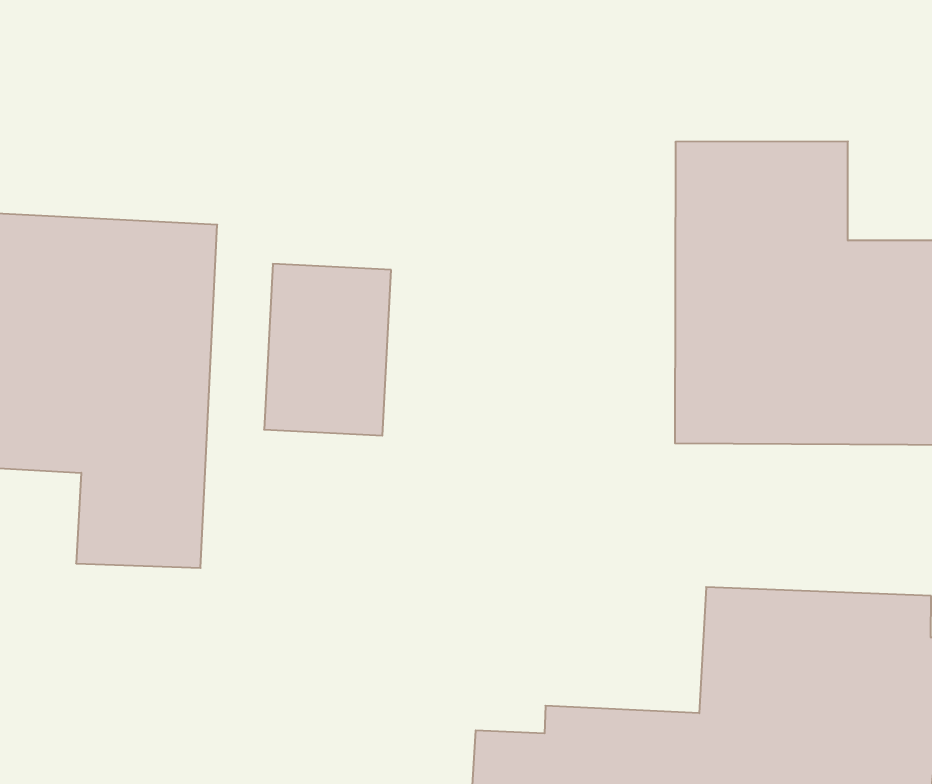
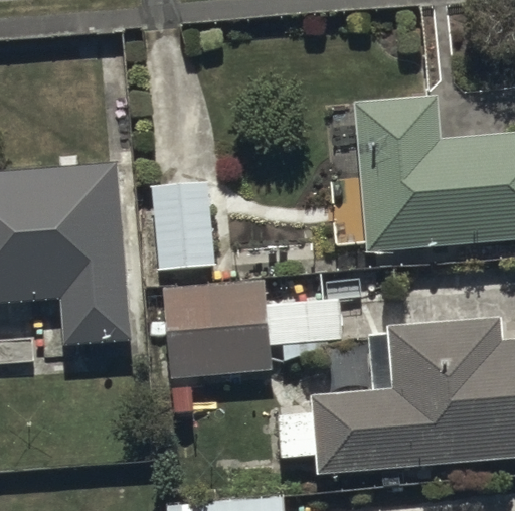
building: none -> [163,281,342,381]

